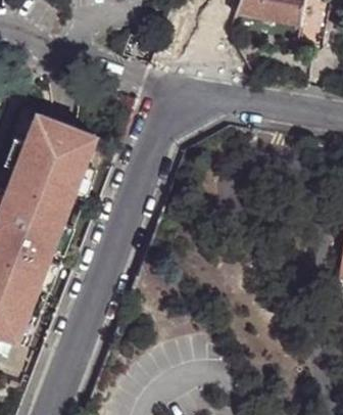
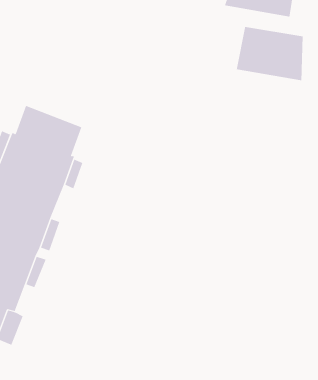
building: none -> [236,26,303,81]

